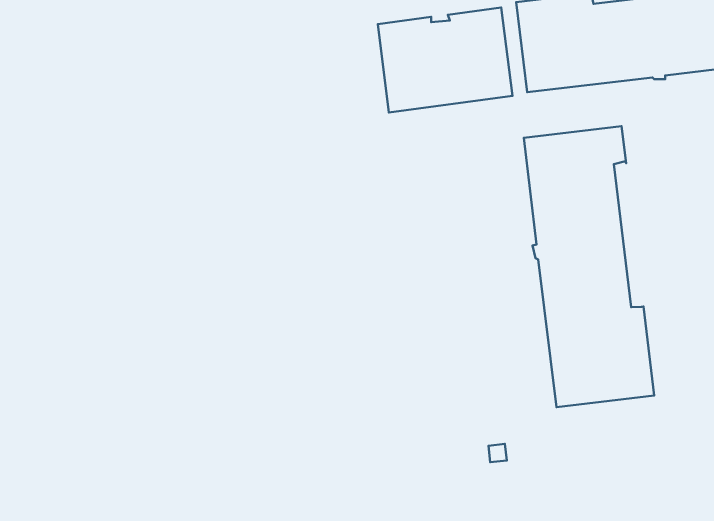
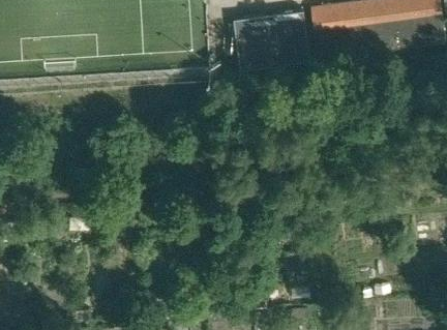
building: [524,126,654,407] -> none

